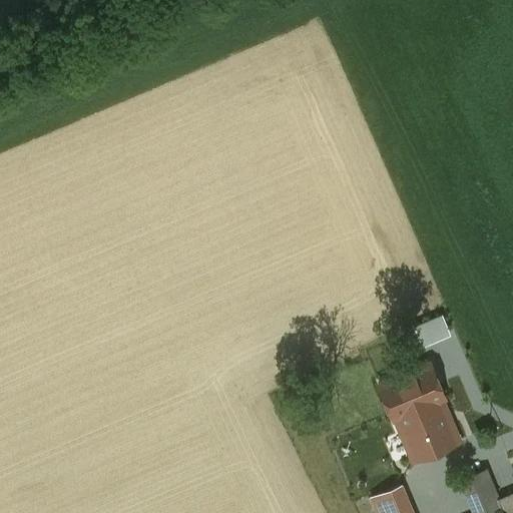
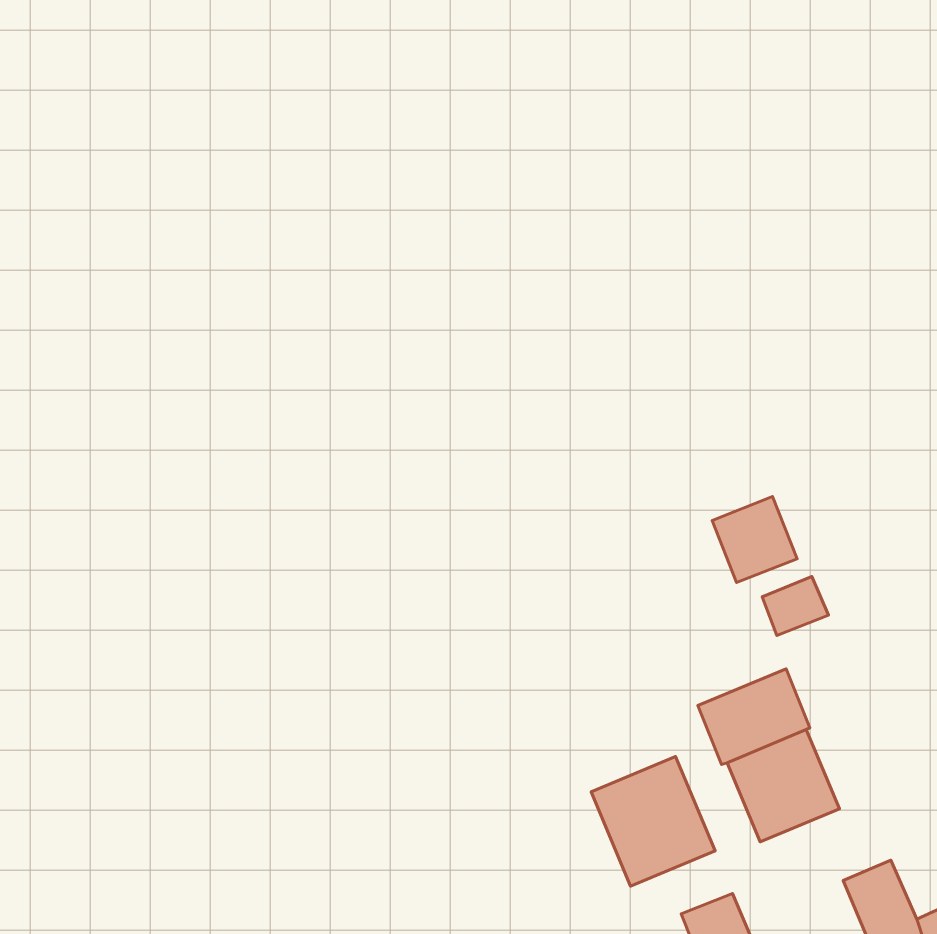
building: none -> [712,497,797,583]
building: none -> [591,757,715,886]

